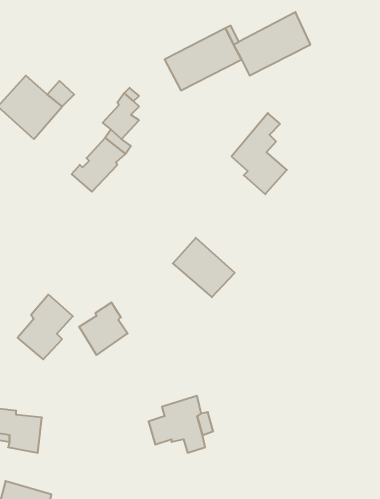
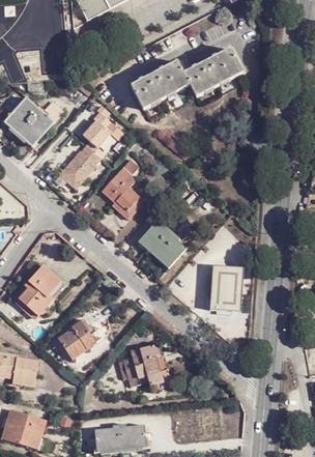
building: [232,113,287,194] -> [102,158,144,220]
building: none -> [206,264,245,313]
building: [79,302,128,355] -> [58,318,95,359]

